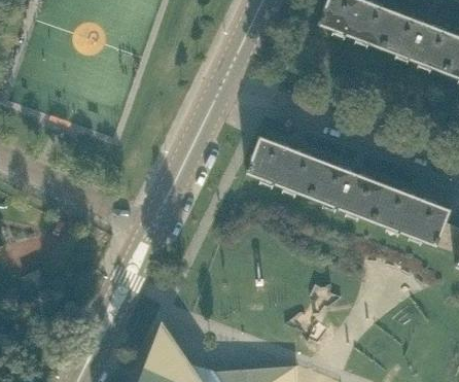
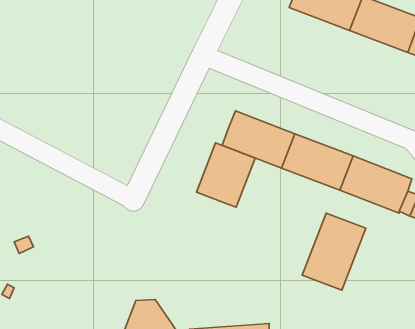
building: none -> [196,143,255,207]
building: none -> [302,213,366,290]

